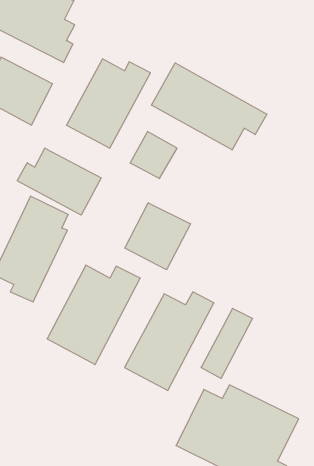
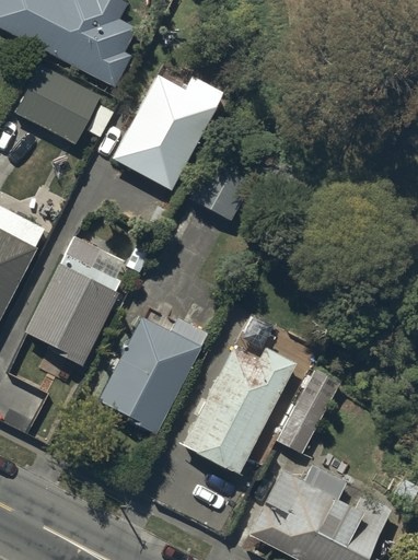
building: [151,63,267,150] -> none
building: [17,148,101,215] -> none
building: [125,203,191,270] -> none

